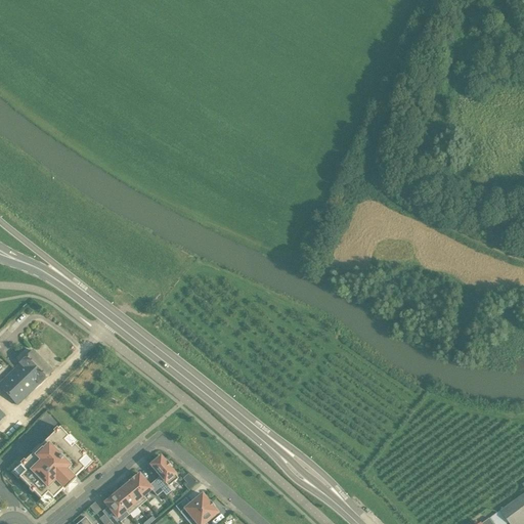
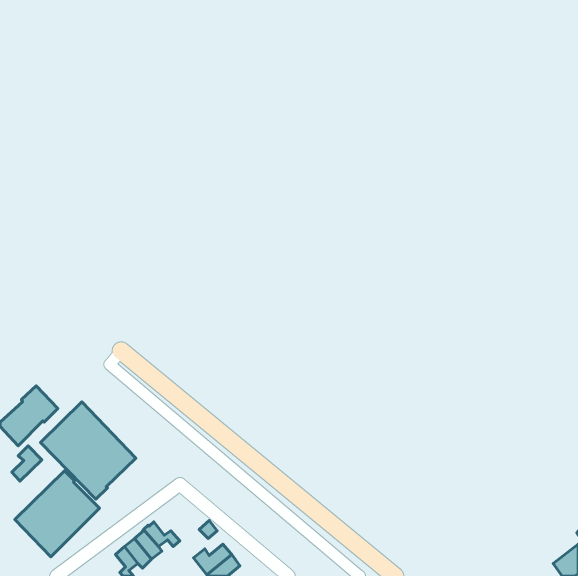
building: none -> [41,402,136,499]
building: none -> [12,446,42,481]
building: [149,454,178,493] -> none

